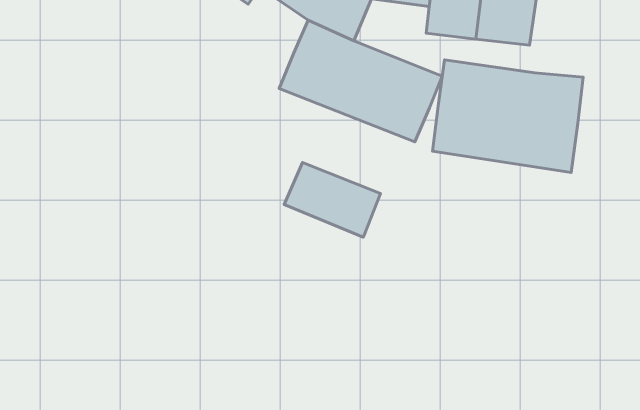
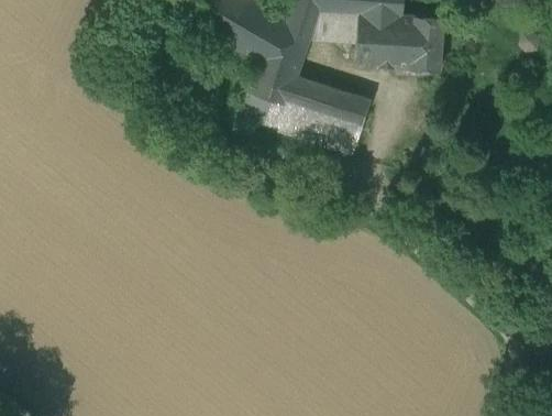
building: [433,60,583,172] -> none
building: [284,162,380,237] -> none

